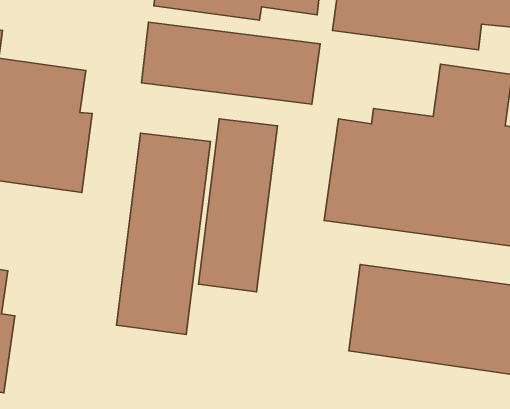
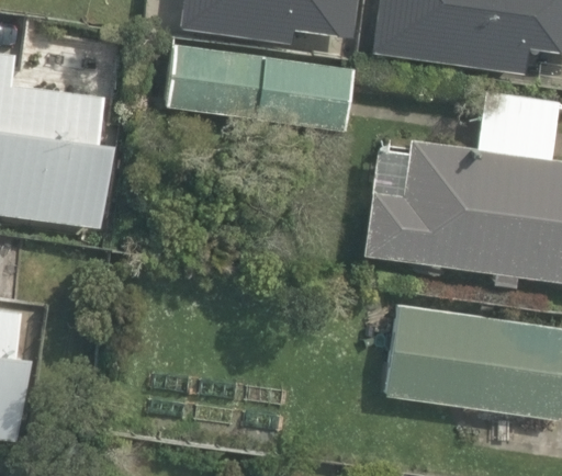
building: [198,119,277,292] -> none
building: [116,133,211,334] -> none

